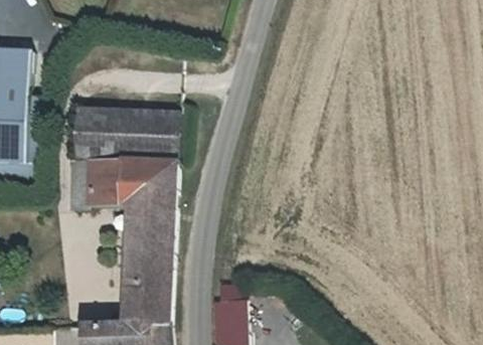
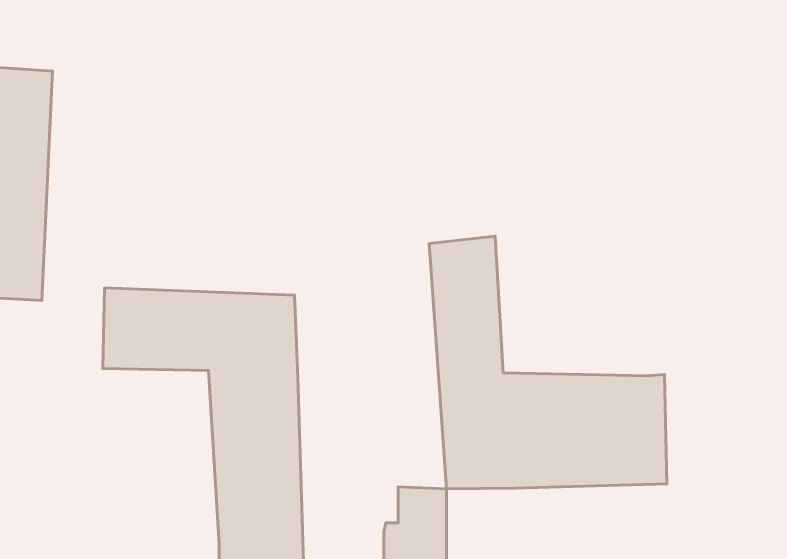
building: [61,117,168,173] -> none
building: none -> [429,236,667,489]

